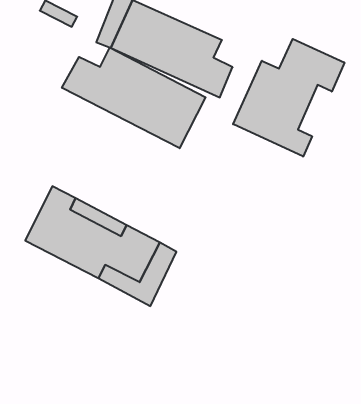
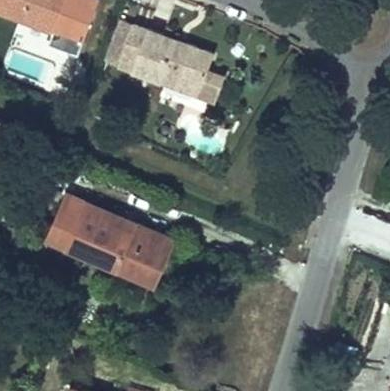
building: [233,39,344,157] -> none
building: [62,48,206,148] -> none

